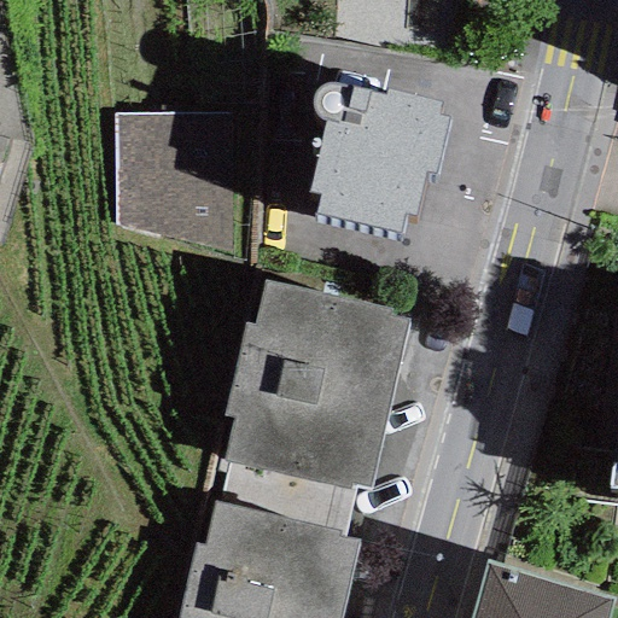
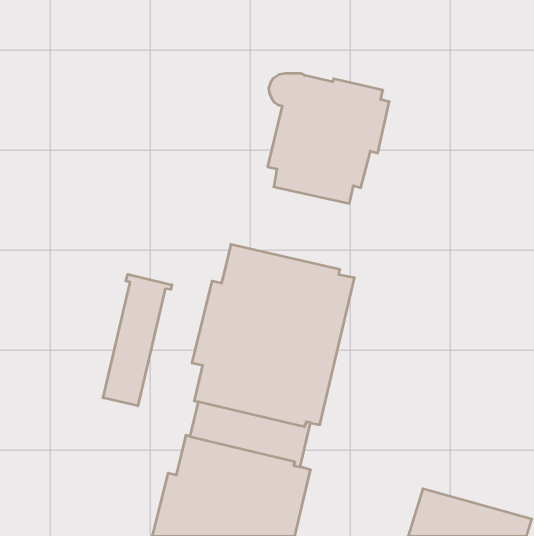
building: [117,112,233,257] -> none
building: none -> [103,274,172,406]

